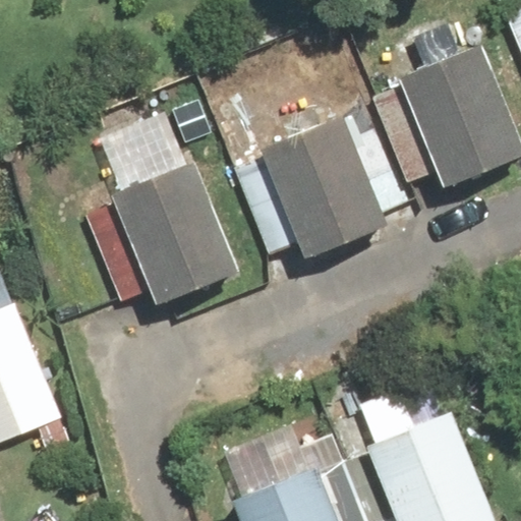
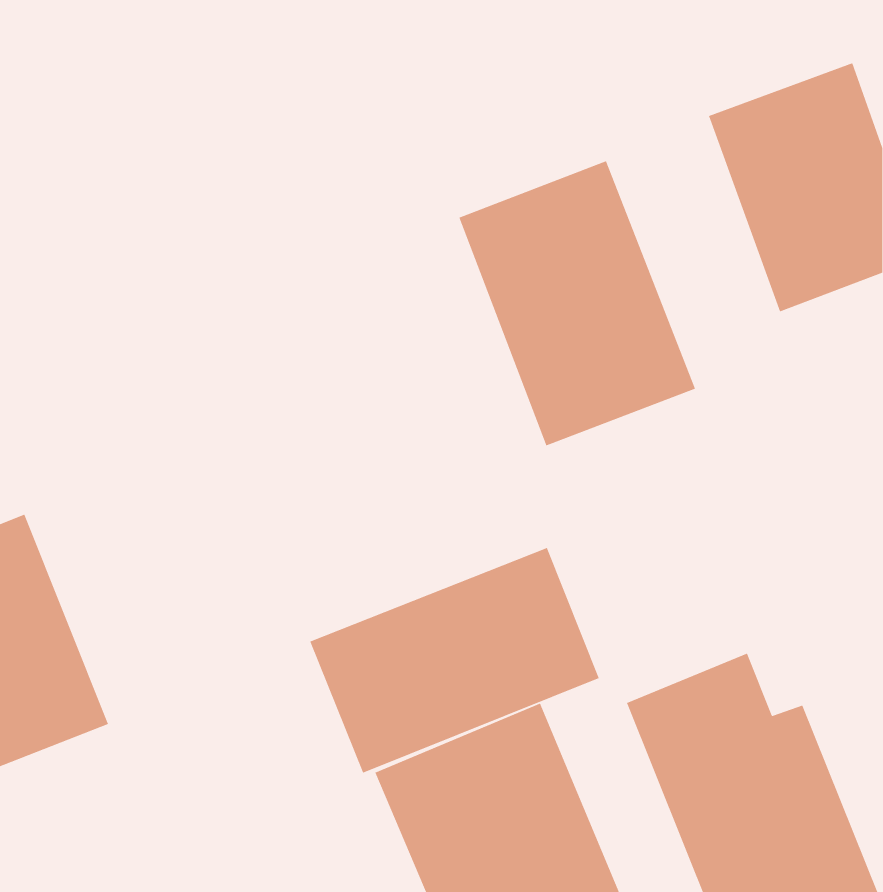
building: [74,159,246,310] -> none
building: none -> [309,547,600,774]

